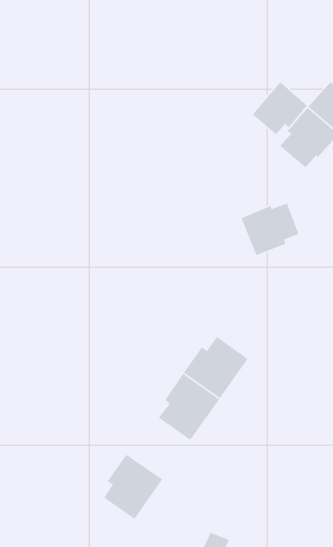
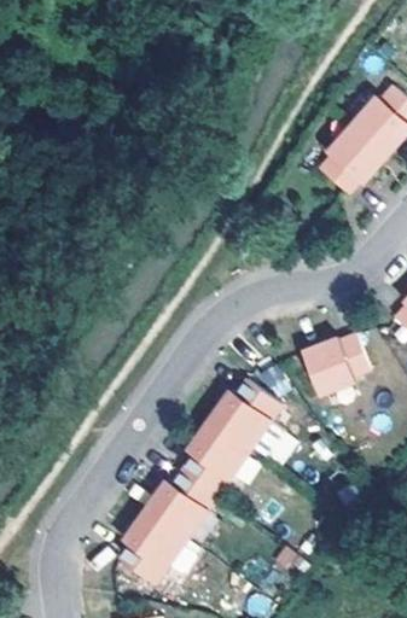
building: [252,81,308,135] -> none
building: [240,203,299,256] -> [306,332,371,391]
building: none -> [150,467,221,535]

